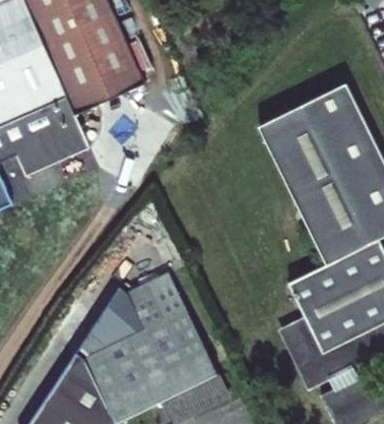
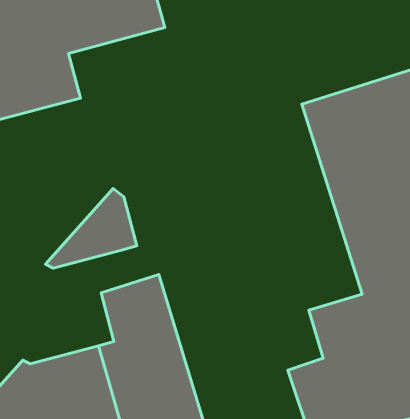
building: [75,287,142,354] -> [46,189,137,268]

